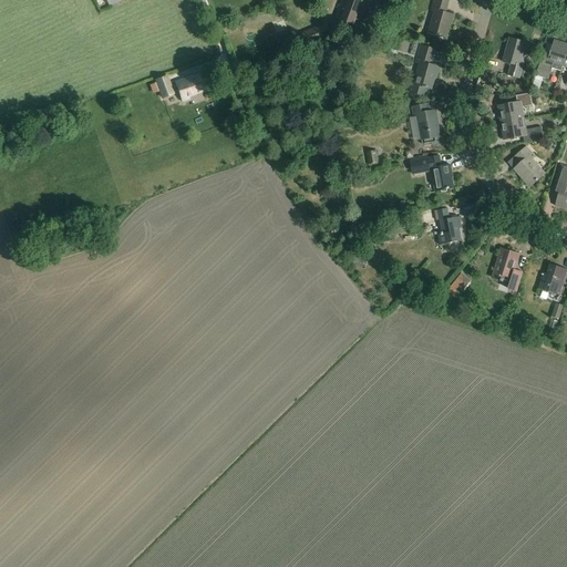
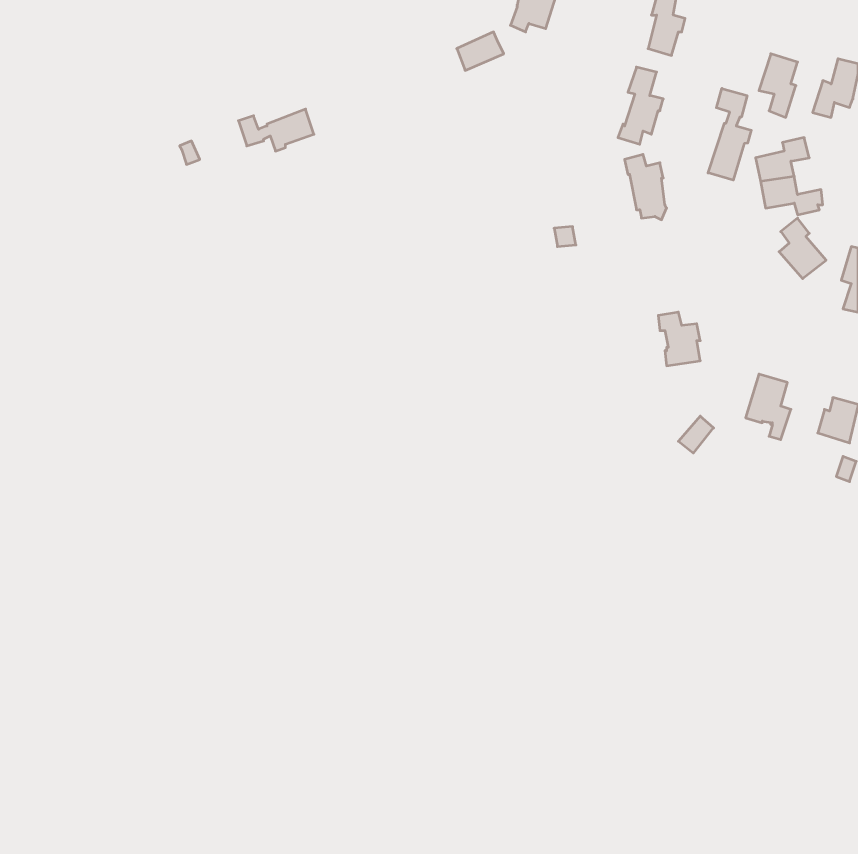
building: none -> [708,88,751,180]
building: [411,154,452,188] -> none

